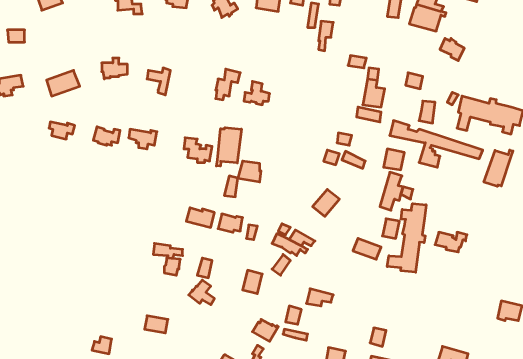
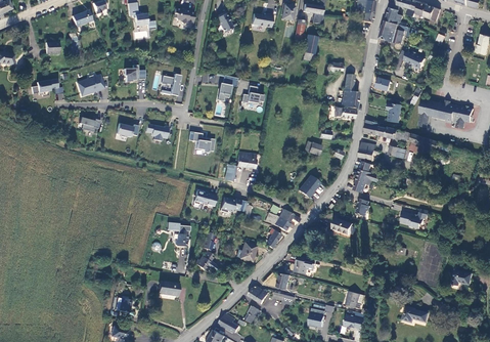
building: [216,128,241,166] -> none
building: [484,150,513,186] -> none
building: [387,204,426,272] -> none

